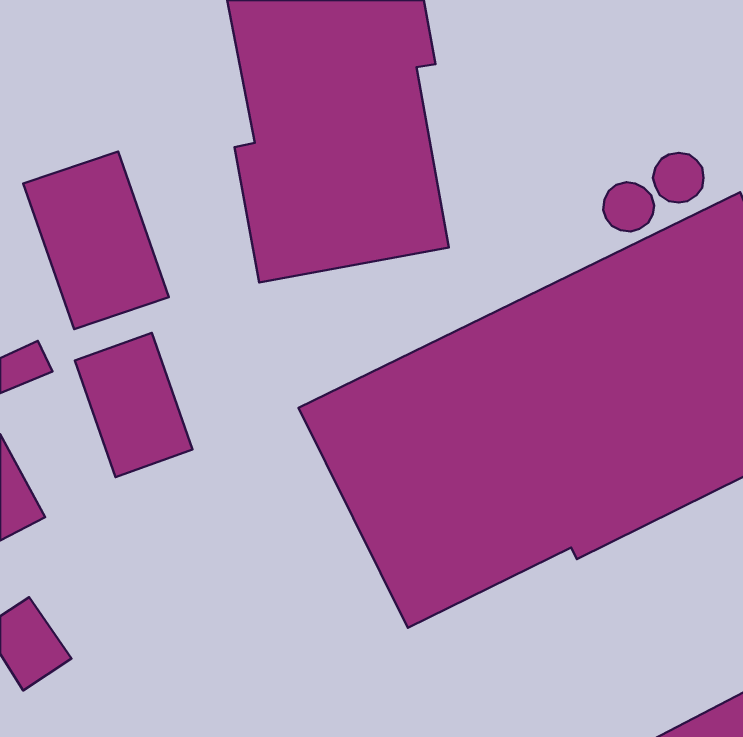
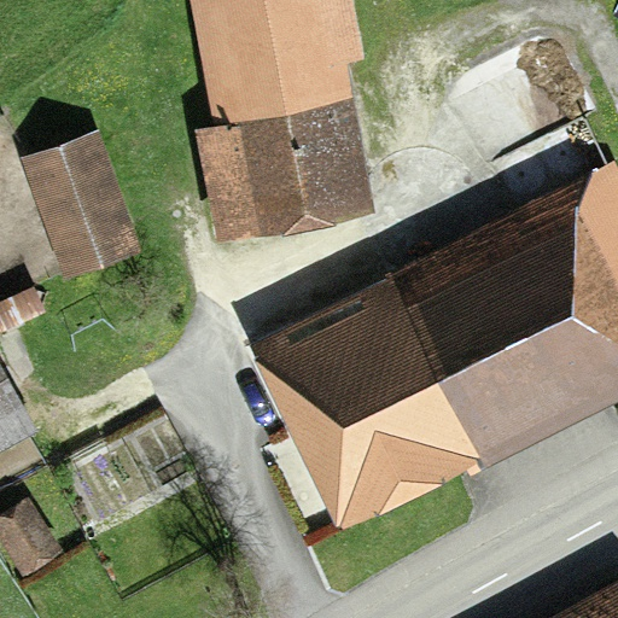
building: [75,333,193,477] -> none

